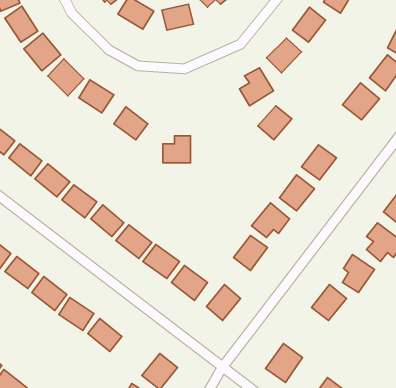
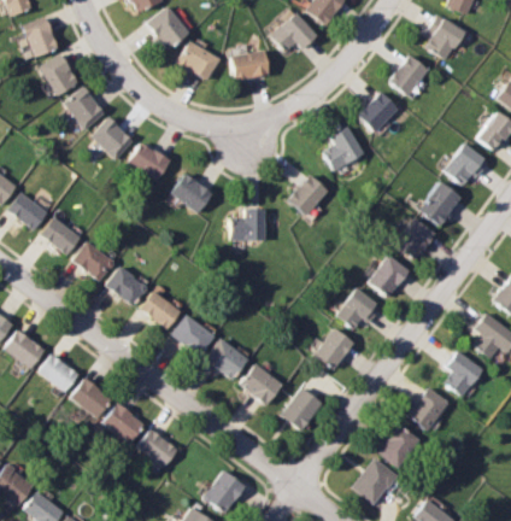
building: [258,106,292,140] -> [283,174,324,215]
building: none -> [421,182,464,227]
building: none -> [378,426,421,469]

